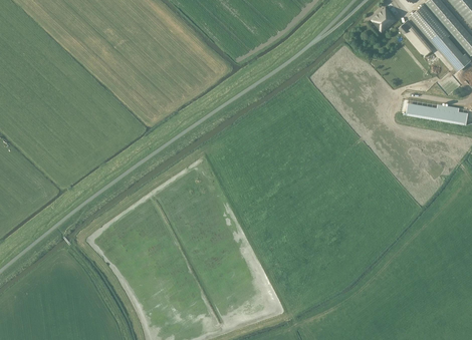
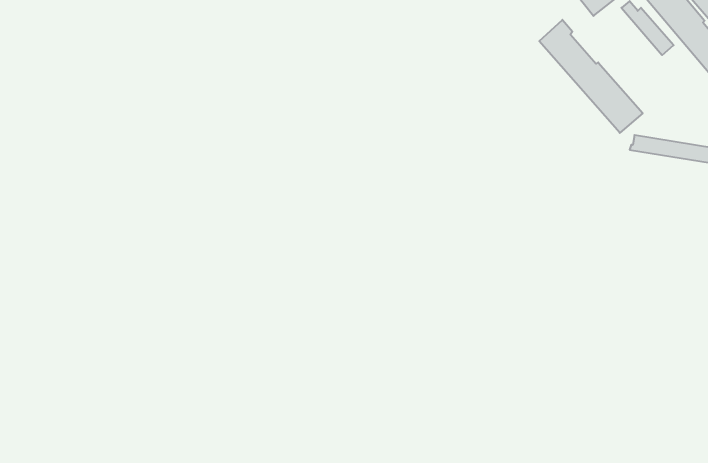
building: none -> [539,20,643,133]

